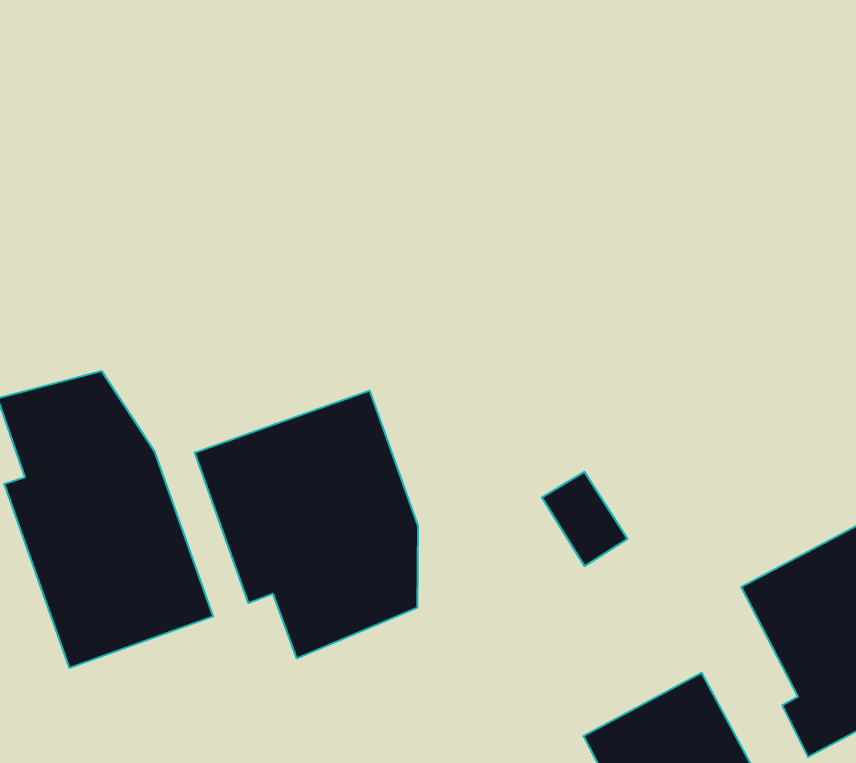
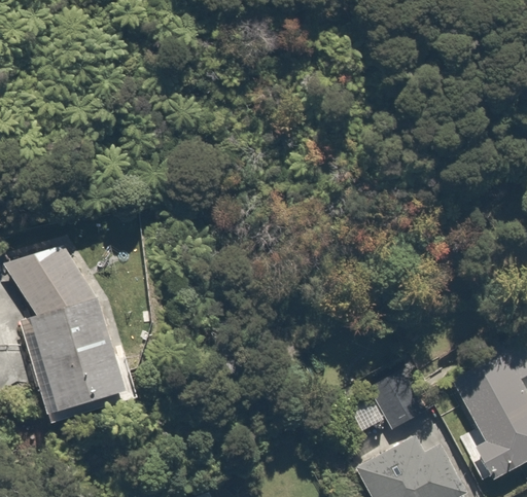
building: [195,391,418,658] -> none
building: [542,472,627,566] -> [362,369,414,426]

